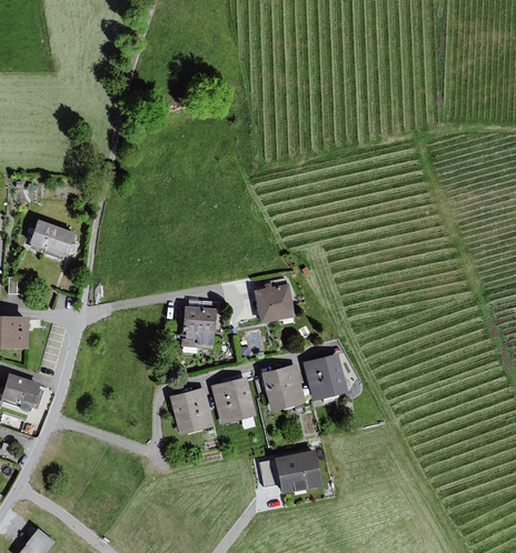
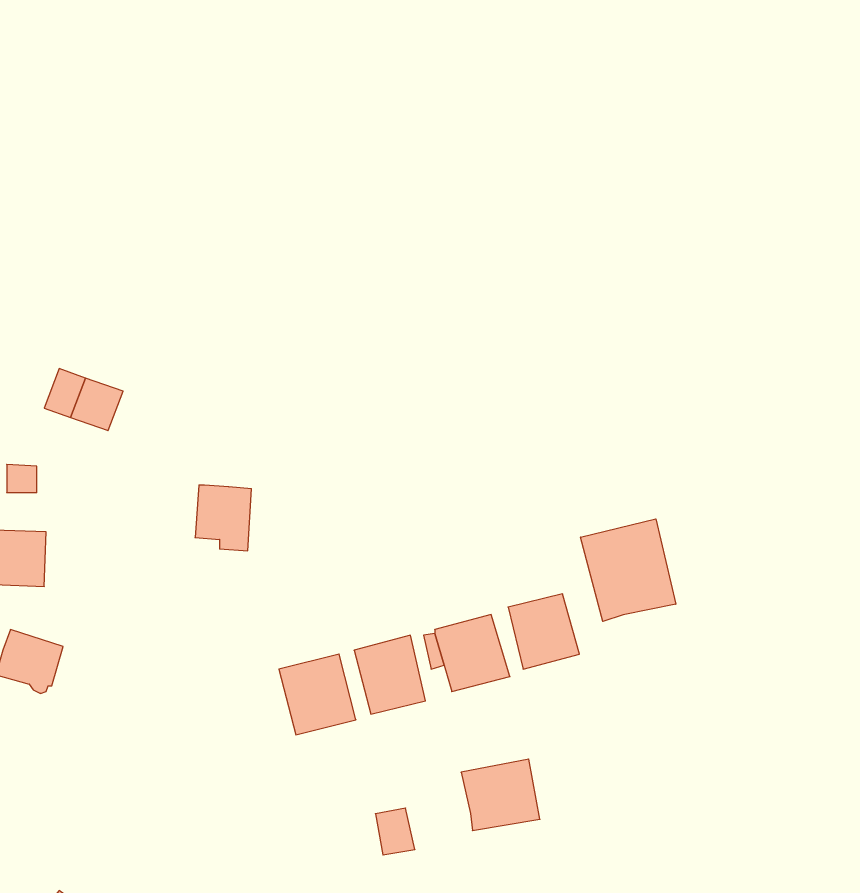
building: [254,285,292,323] -> none
building: [182,306,216,345] -> [195,485,251,551]
building: none -> [581,519,676,621]
building: [258,459,281,486] -> [375,808,415,855]

